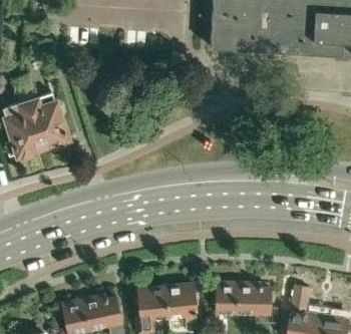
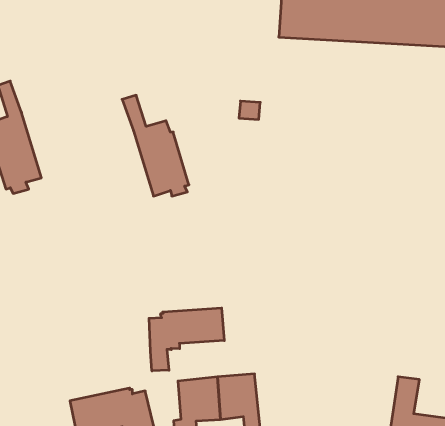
building: [20,76,67,147] -> [122,95,189,196]
building: none -> [149,308,224,371]
building: [216,284,270,315] -> none

